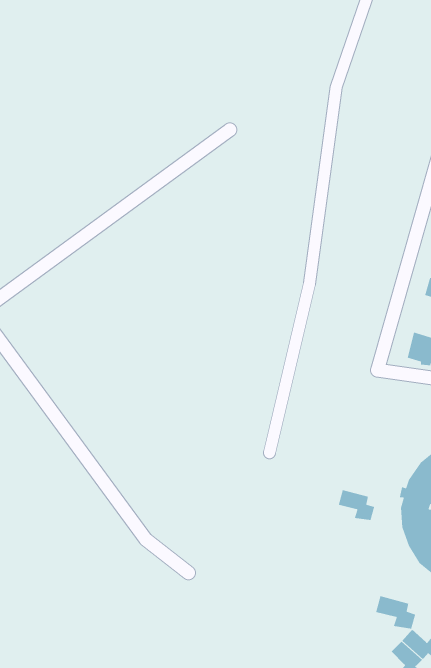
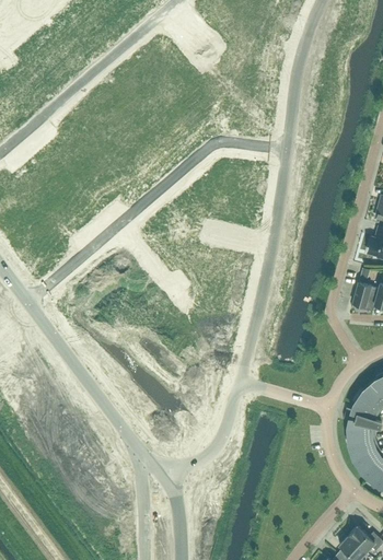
building: [338,489,375,521] -> none
building: [375,595,416,629] -> none

